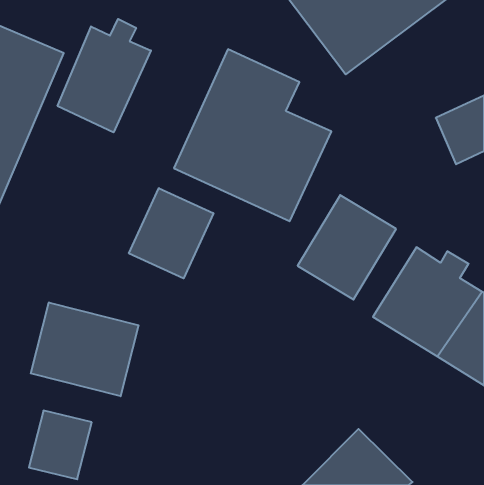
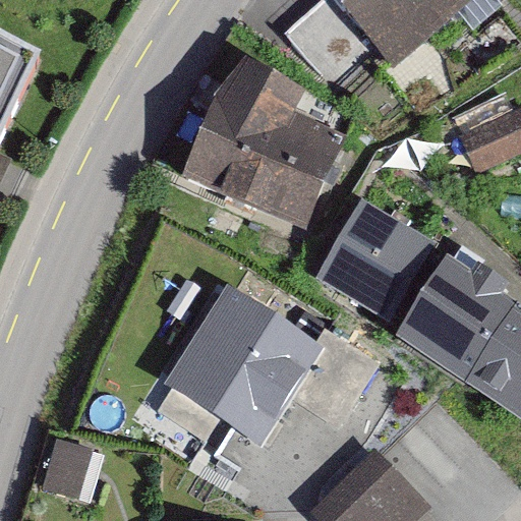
building: [58,19,151,132] -> none
building: [129,188,213,278] -> none
building: none -> [151,286,372,450]
building: [31,302,139,396] -> none

